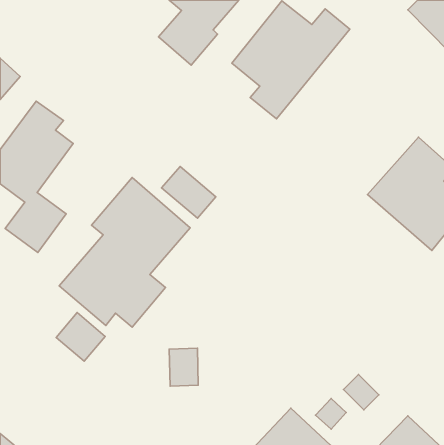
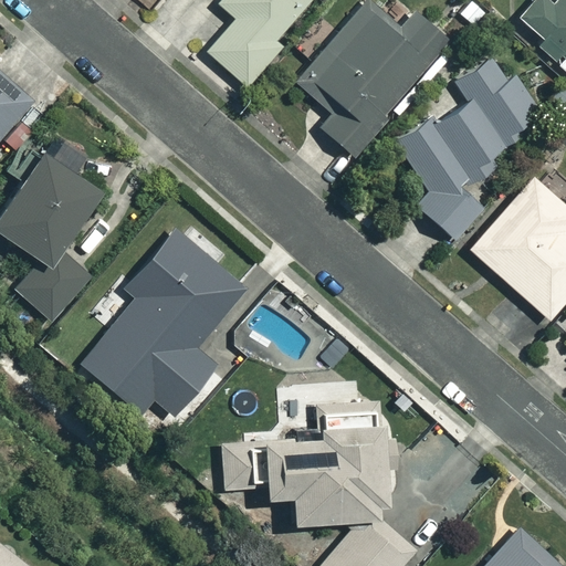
building: none -> [394,50,553,241]
building: [161,166,216,218] -> none
building: [56,313,105,361] -> none
building: none -> [258,402,384,520]

